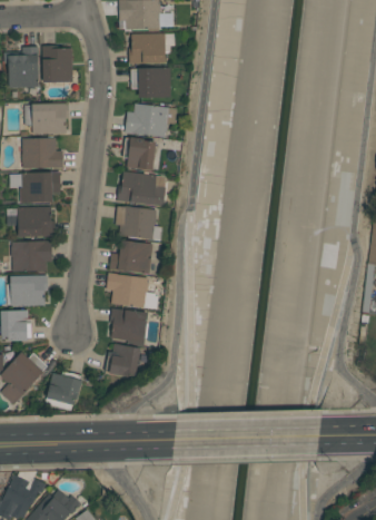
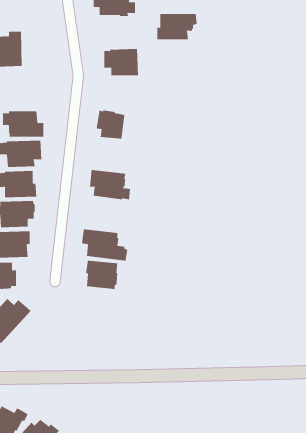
building: [129,33,176,63] -> [157,14,198,40]
building: [42,46,72,82] -> none
building: [24,102,69,136] -> none
building: [125,104,177,137] -> none
building: [117,171,166,206] -> none
building: [109,241,152,274] -> none
building: [105,343,140,376] -> none
building: [44,371,82,411] -> none

